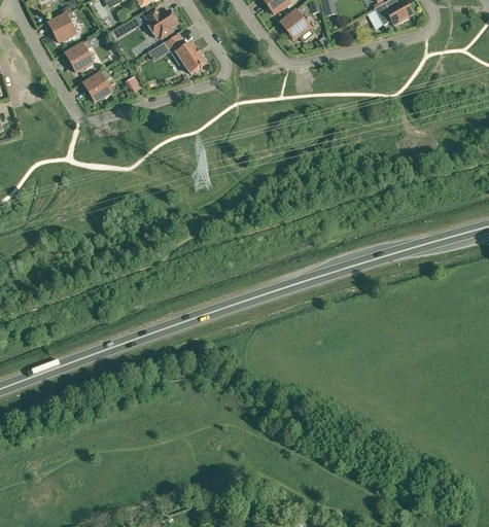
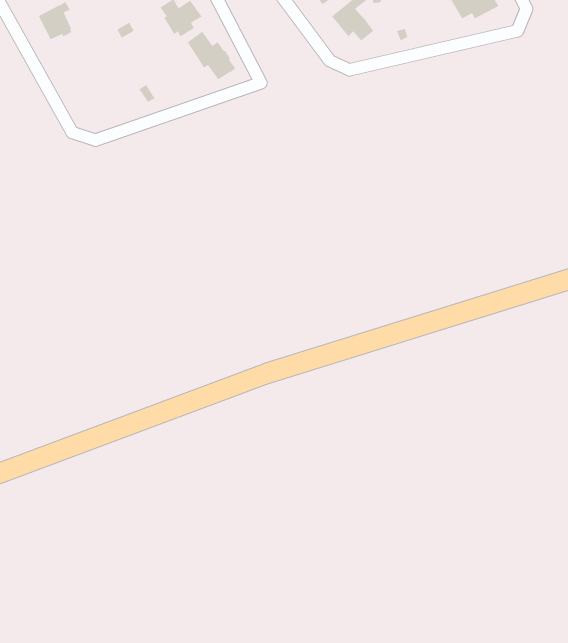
building: [65,38,93,71] -> none
building: [82,67,111,100] -> none

